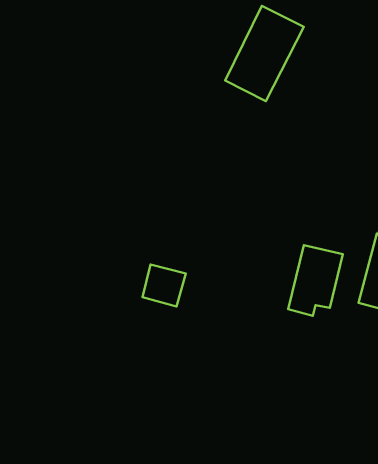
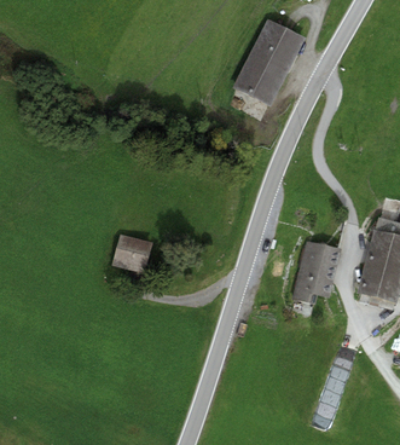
building: [143,264,186,306] -> [112,233,152,272]

